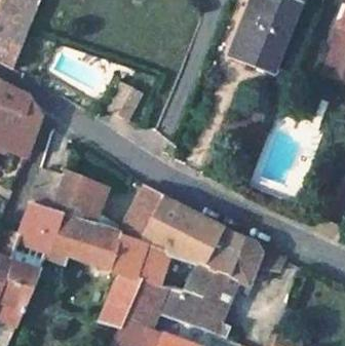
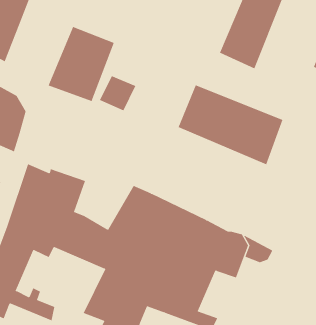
building: none -> [48,26,114,102]
building: none -> [178,85,283,165]

